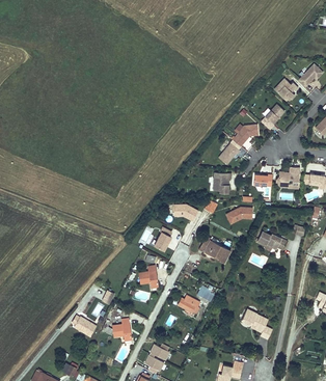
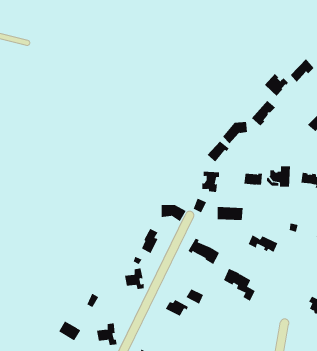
building: [241,309,272,342] -> [223,268,256,302]

